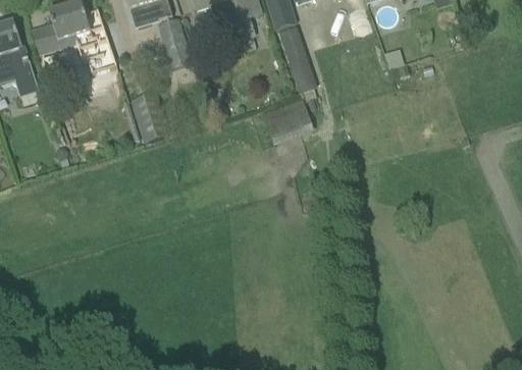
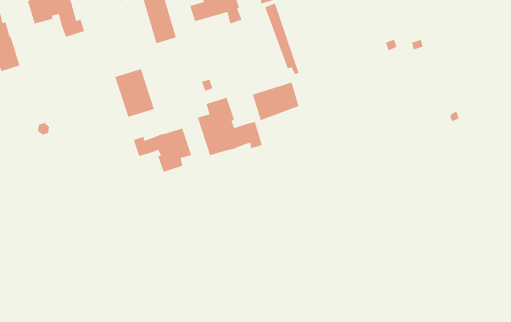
building: none -> [197,97,263,156]
building: none -> [133,127,192,173]

